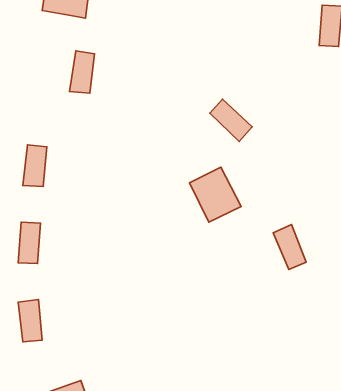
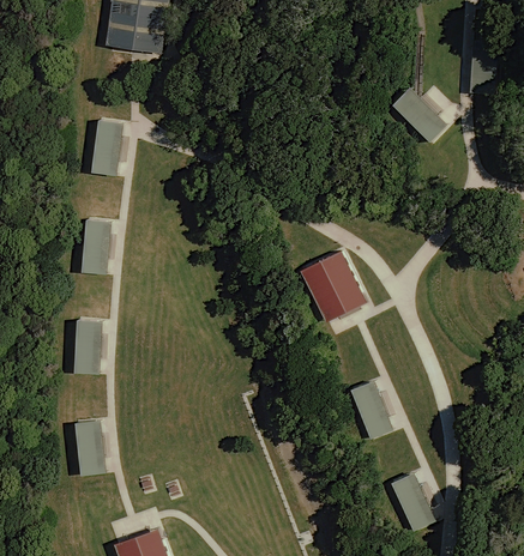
building: [70,51,94,93] -> [90,120,122,175]
building: [210,99,252,142] -> [392,89,447,144]
building: [273,225,306,270] -> [348,377,391,436]
building: none -> [389,470,433,528]

